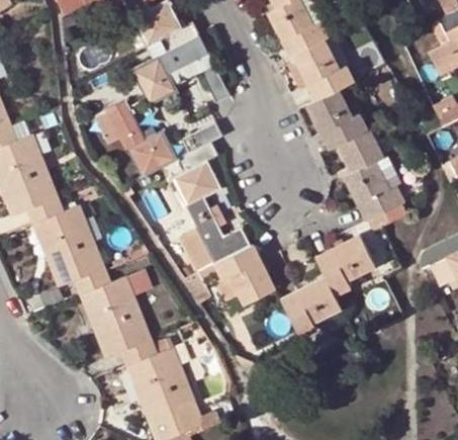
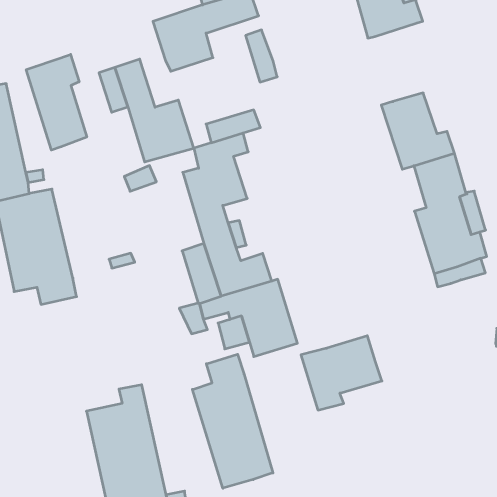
building: [295,39,354,100] -> none
building: none -> [26,54,87,150]
building: [317,234,376,293] -> none
building: [83,269,155,365] -> none
building: none -> [192,354,273,488]

